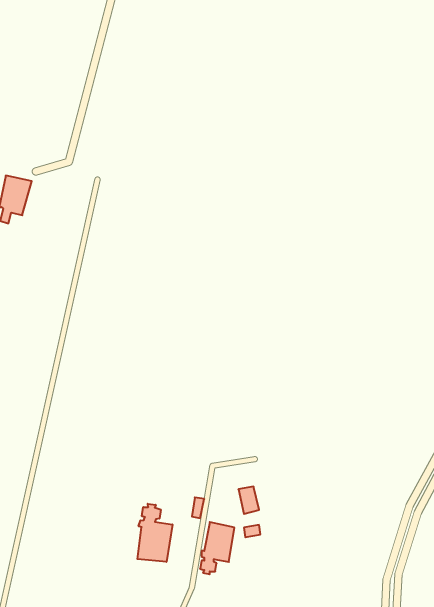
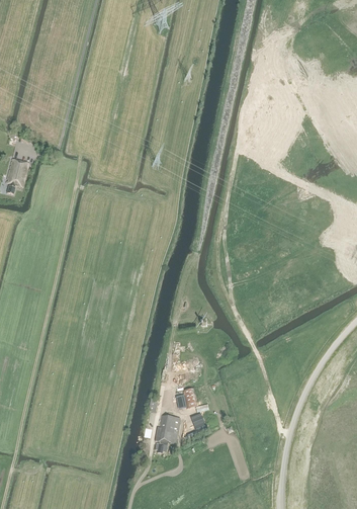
building: [137,504,172,562] -> none

